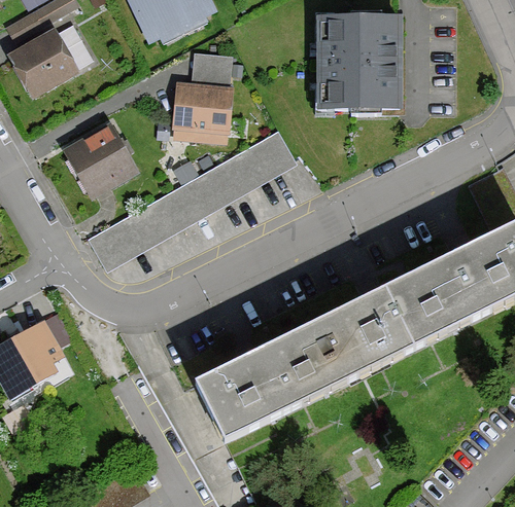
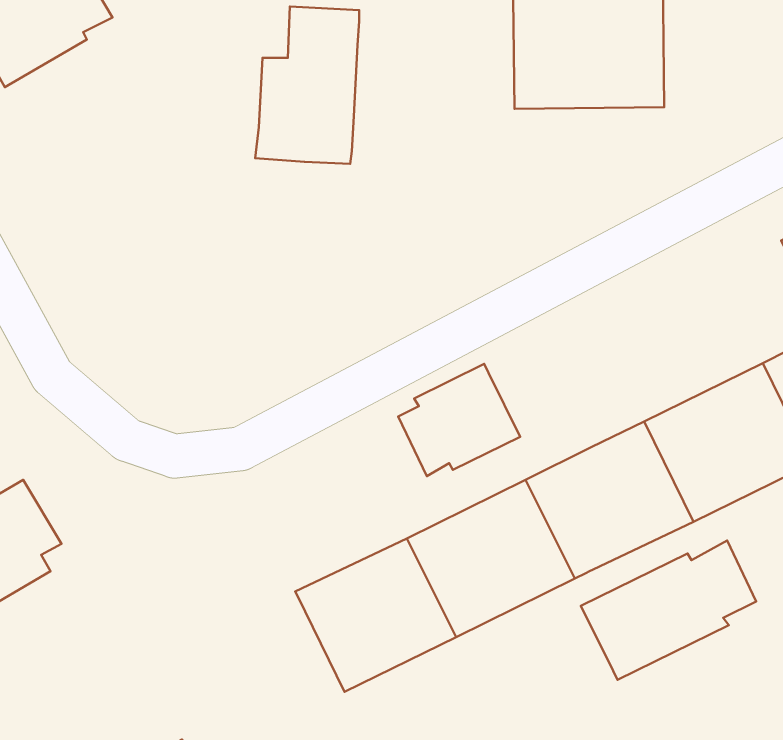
building: [63,122,139,198] -> none
building: [90,130,295,268] -> none
building: none -> [398,364,520,476]
building: none -> [581,541,756,680]

